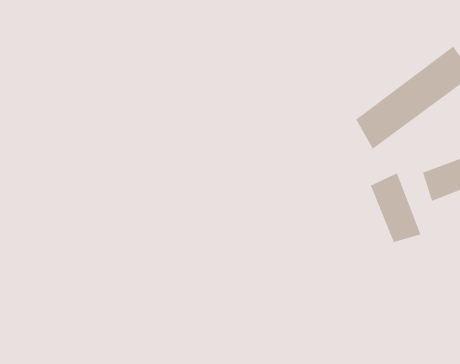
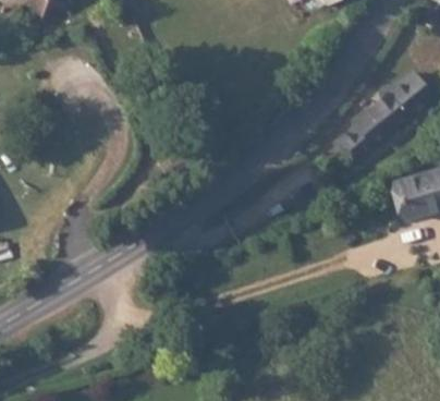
building: [370,172,421,243] -> none

